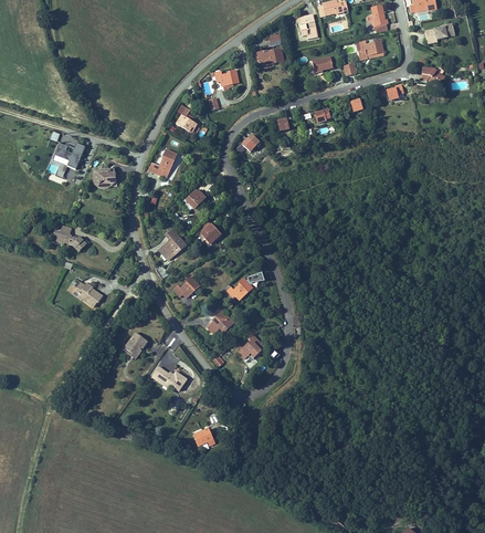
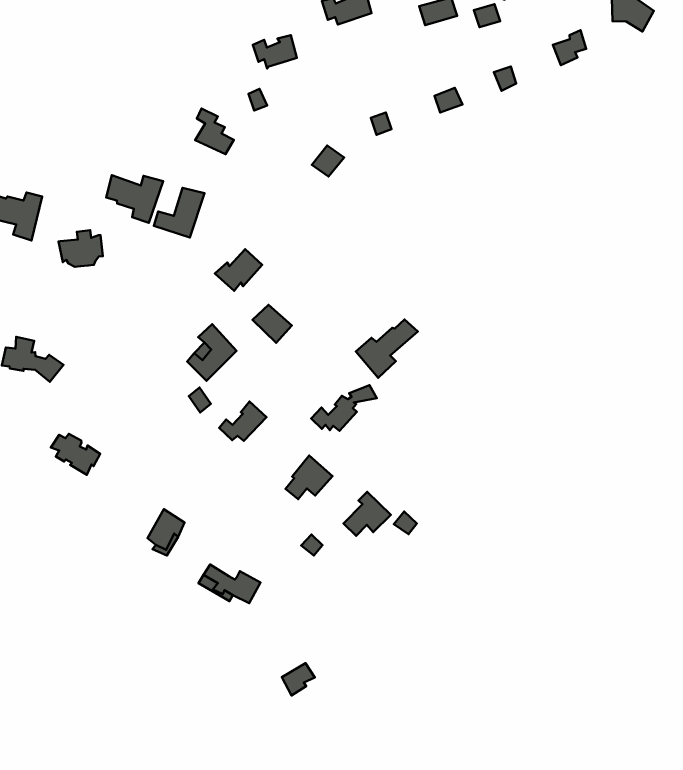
building: none -> [106,175,163,223]
building: none -> [356,320,418,378]

